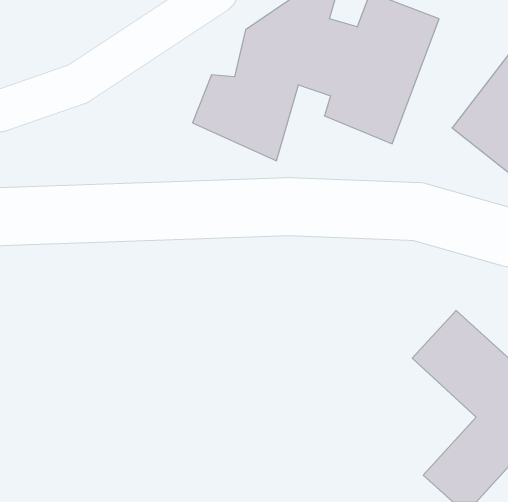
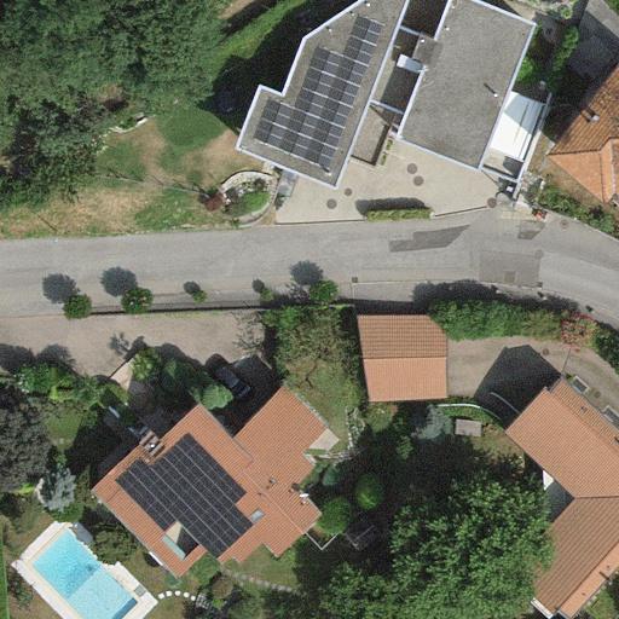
building: none -> [360,311,447,395]
building: none -> [93,380,325,580]

